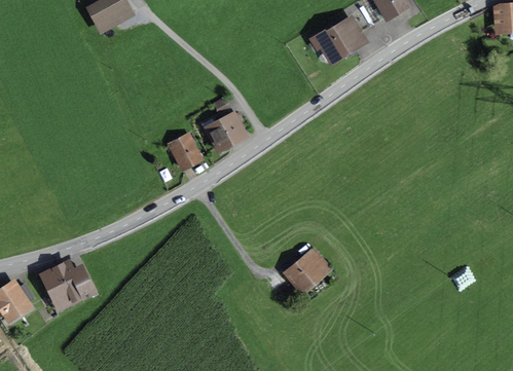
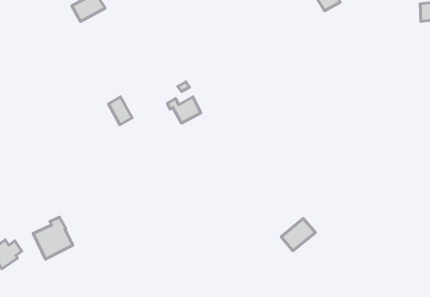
building: [318,23,359,59] -> none
building: [170,135,197,168] -> [108,97,132,125]
building: [287,252,327,290] -> [281,218,315,251]

